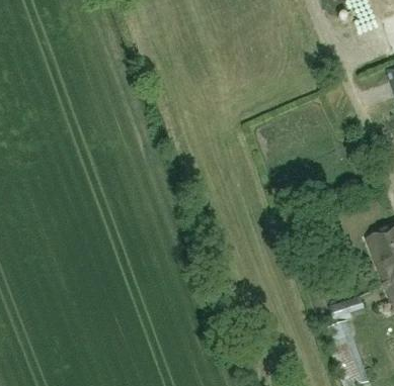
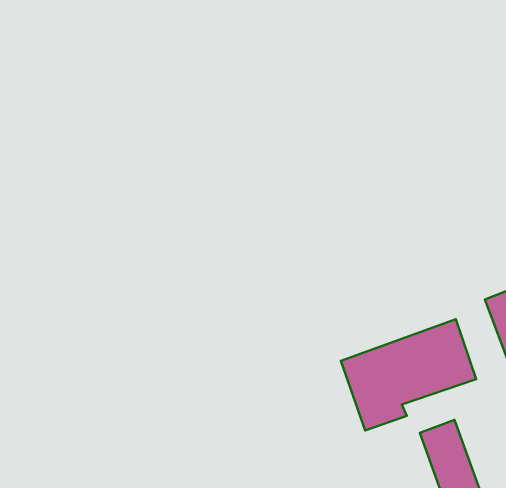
building: none -> [341,319,476,430]

